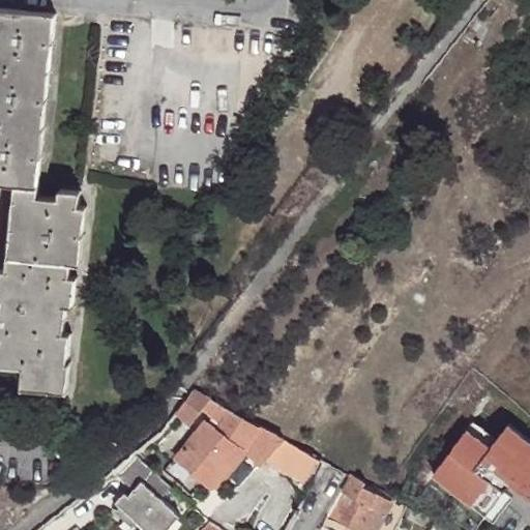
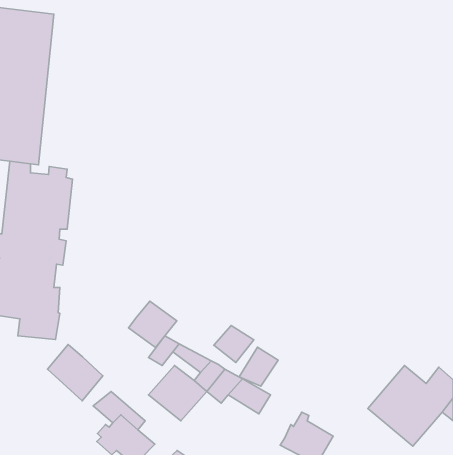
building: none -> [129,301,177,347]
building: none -> [214,325,254,363]
building: none -> [47,344,103,401]
building: none -> [239,347,278,386]

